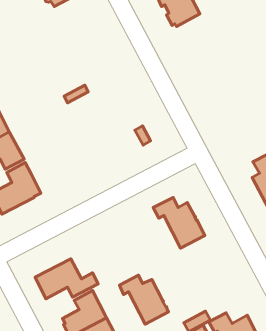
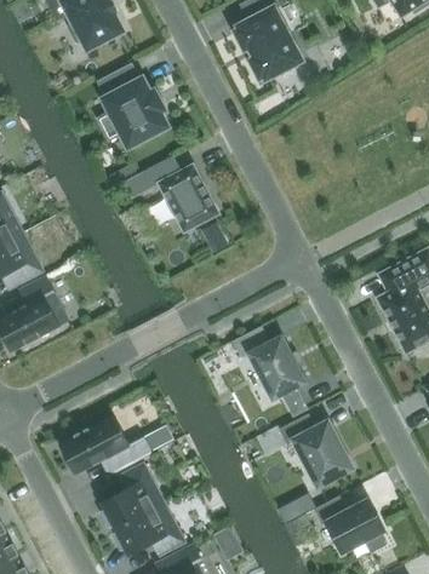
building: none -> [98,67,168,148]
building: none -> [142,159,219,234]
building: [119,275,168,324] -> [281,417,353,488]

